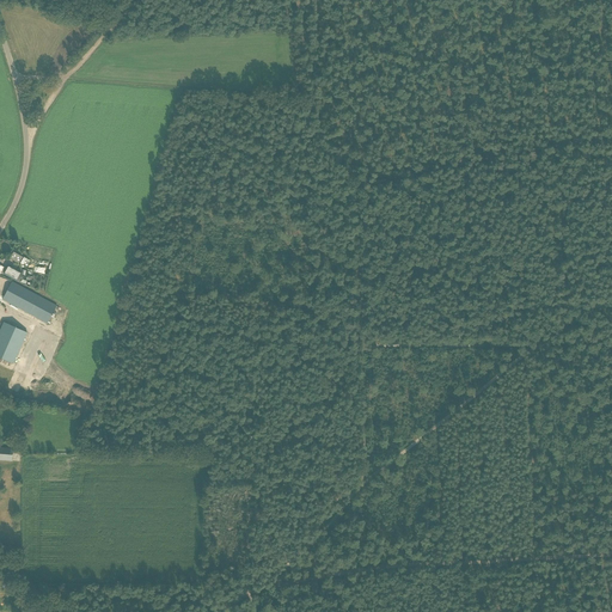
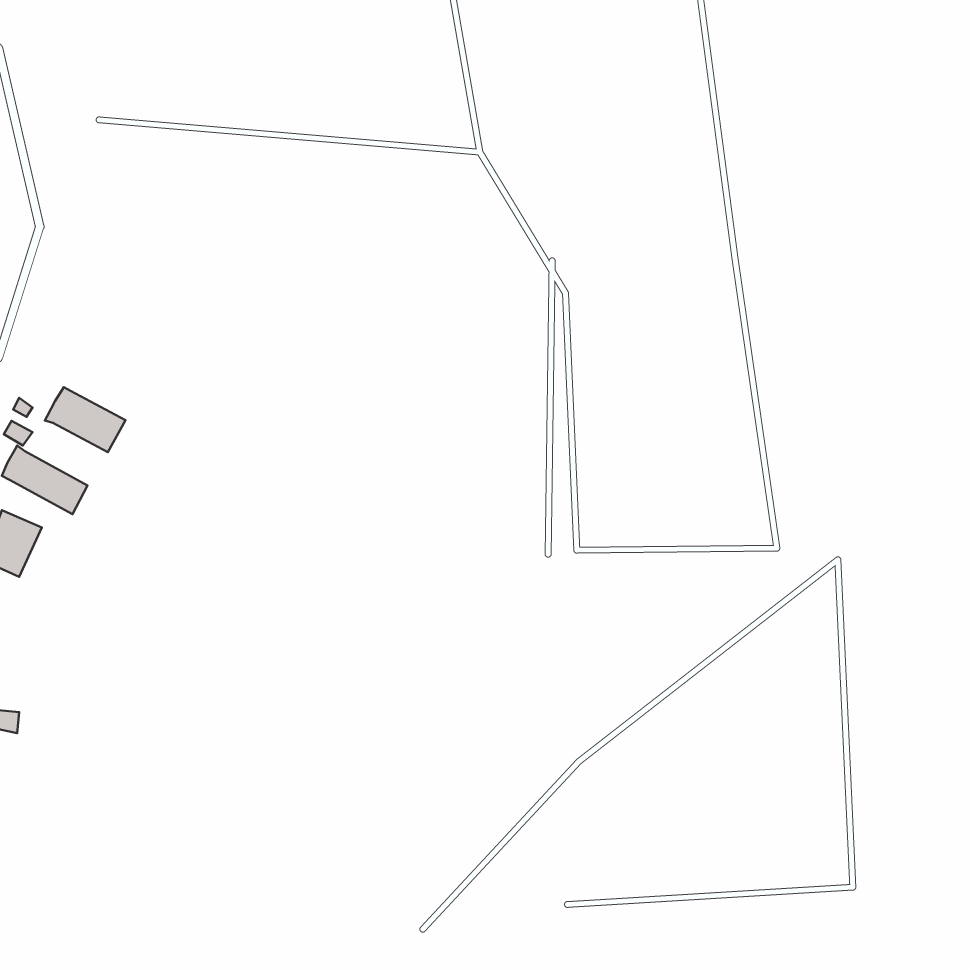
building: none -> [45,387,125,452]

